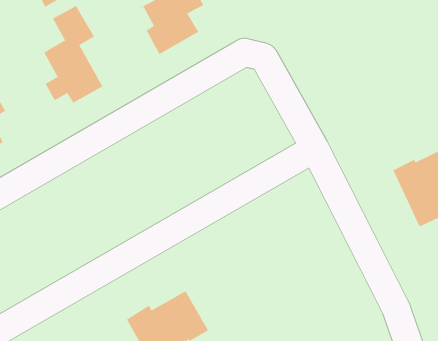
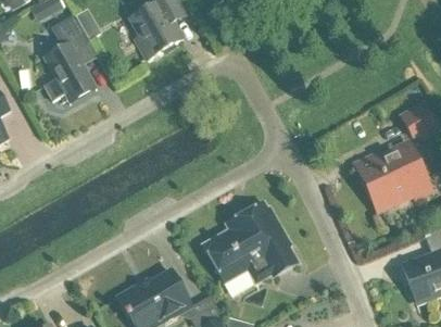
building: none -> [203,201,298,281]

